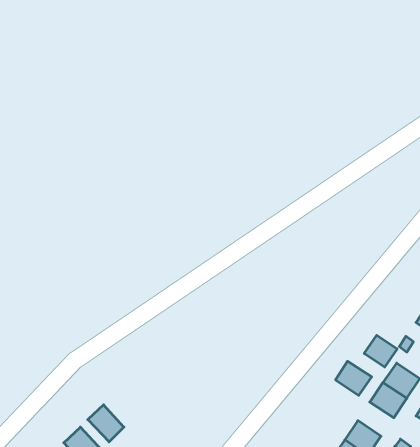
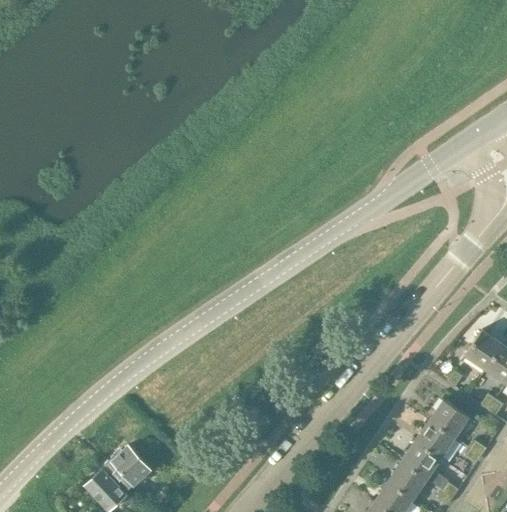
building: [364,335,397,367] -> none
building: [336,361,372,395] -> [402,442,441,479]

